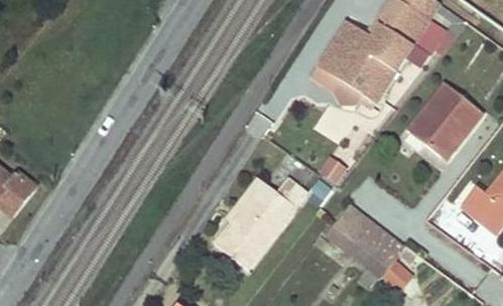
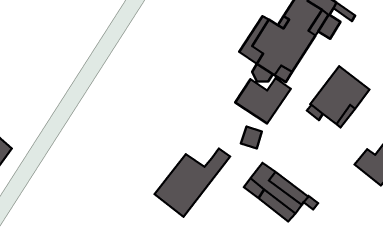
building: [224,176,284,222] -> none

